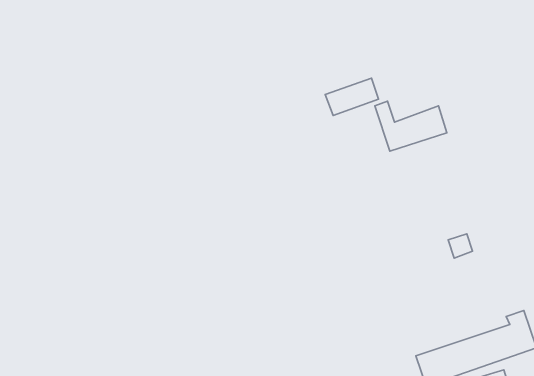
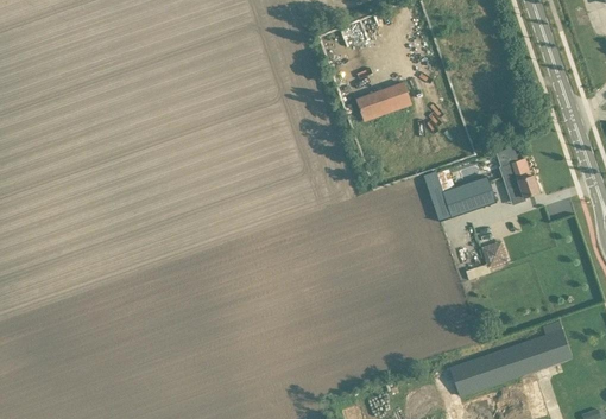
building: [375,101,447,151] -> [422,171,495,222]
building: none -> [499,161,538,203]

